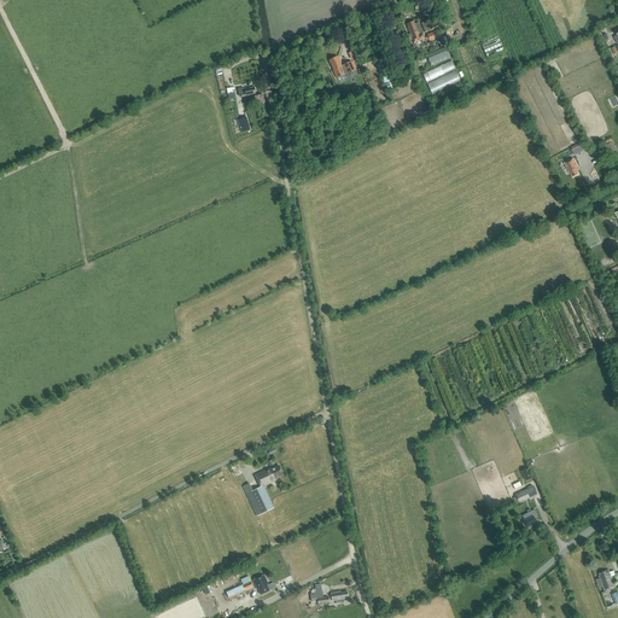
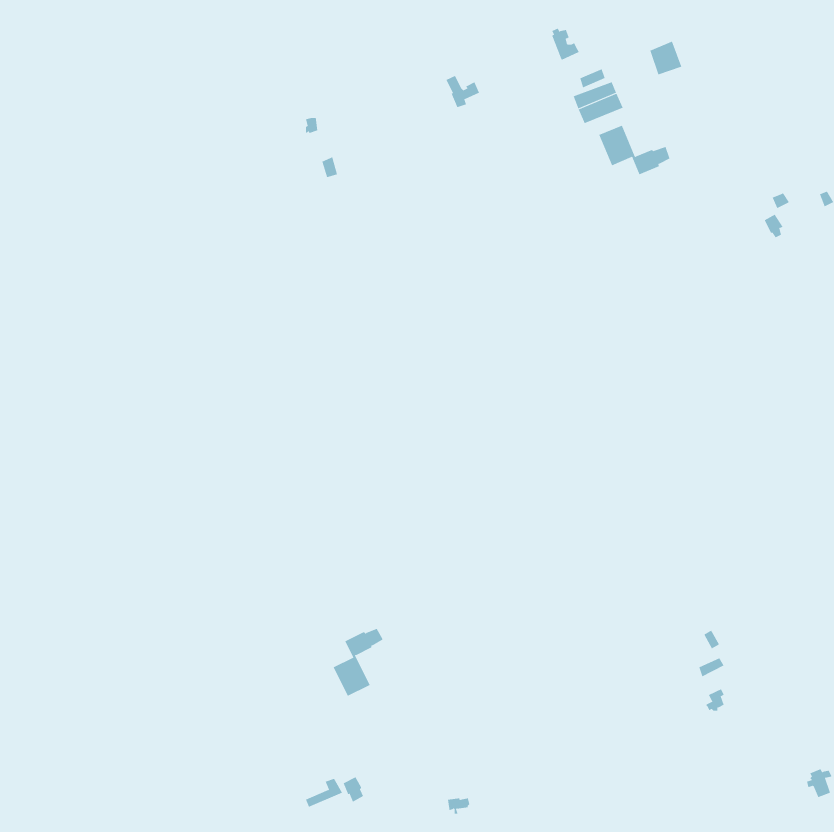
building: none -> [599,125,670,175]

